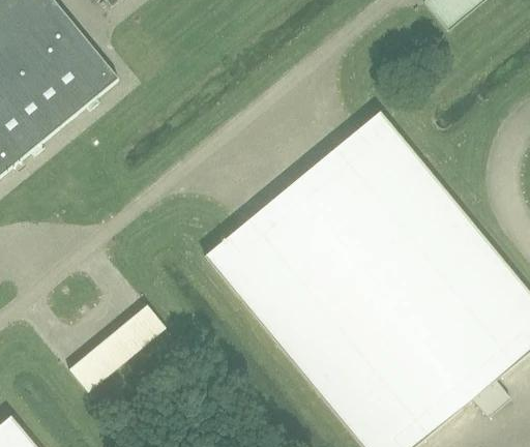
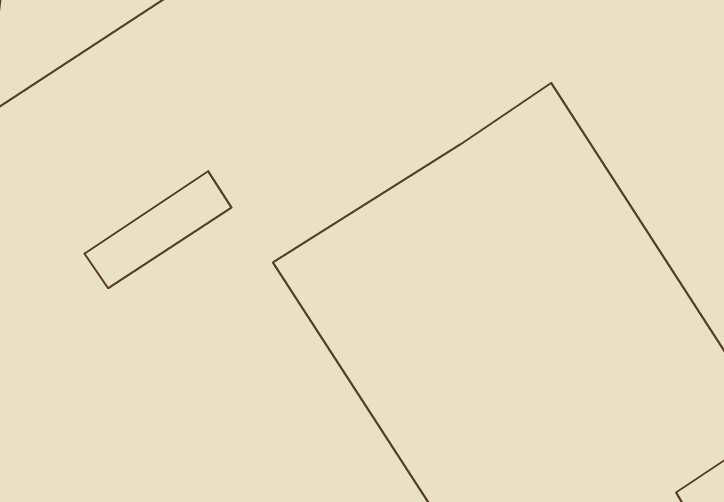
building: [69,302,166,389] -> [84,171,232,288]

